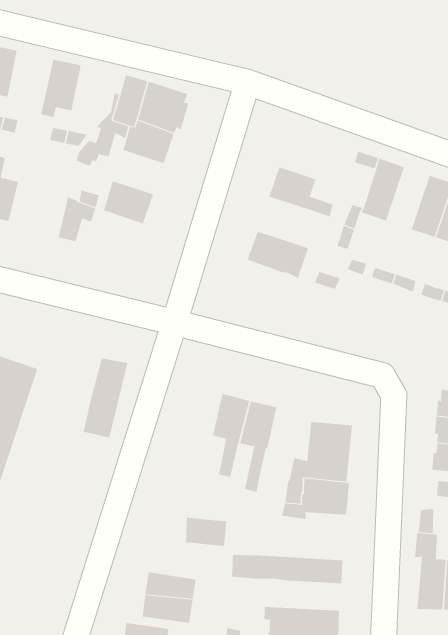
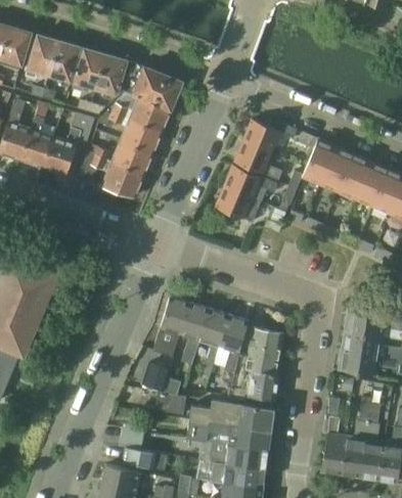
building: none -> [50,41,80,87]
building: none -> [96,55,127,100]
building: none -> [244,120,297,151]
building: none -> [44,112,94,174]
building: none -> [122,120,161,153]
building: none -> [320,147,354,193]
building: none -> [225,165,277,197]
building: none -> [103,163,142,197]
building: [83,358,128,438] -> [153,298,190,357]
building: none -> [221,316,250,372]
building: none -> [142,363,171,391]
building: none -> [189,401,274,432]
building: none -> [210,444,268,468]

